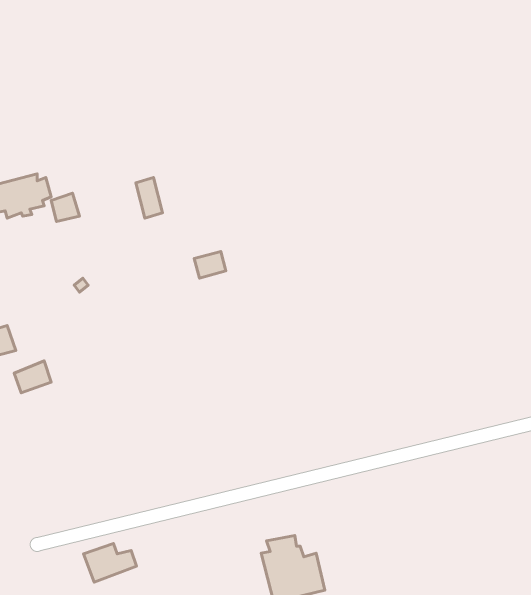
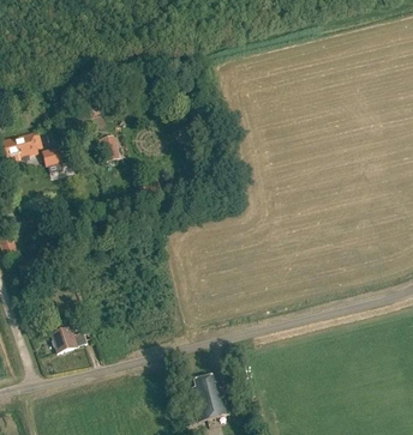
building: [84,543,137,582] -> [52,326,88,352]

